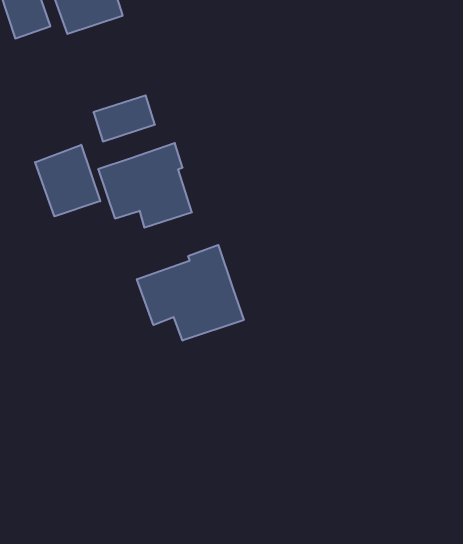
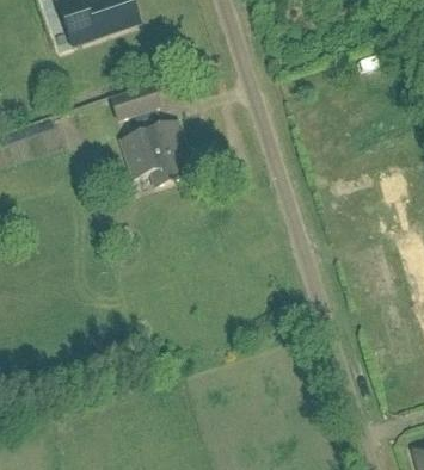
building: [35,145,100,216] -> none
building: [137,245,244,341] -> none

